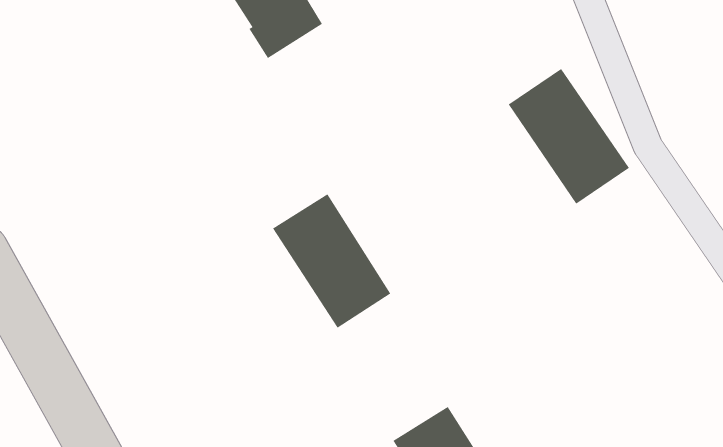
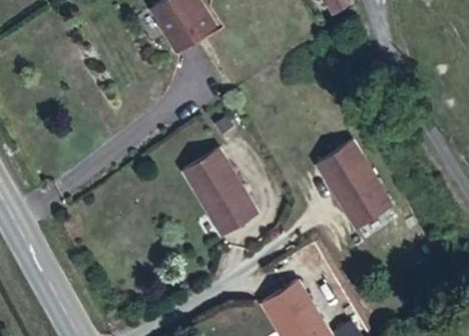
building: [508,68,630,204] -> [318,143,395,230]

